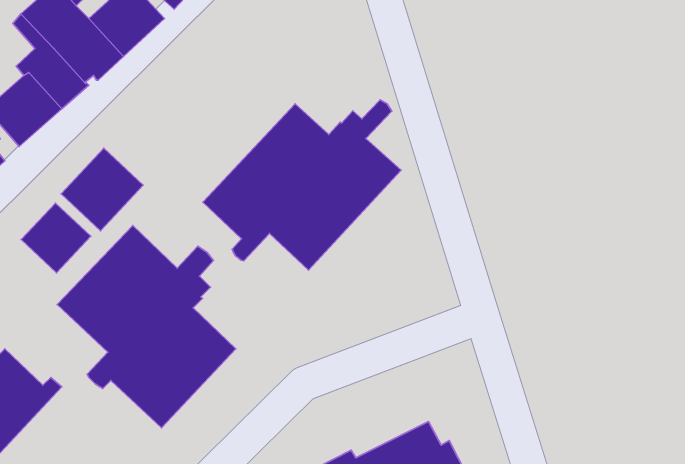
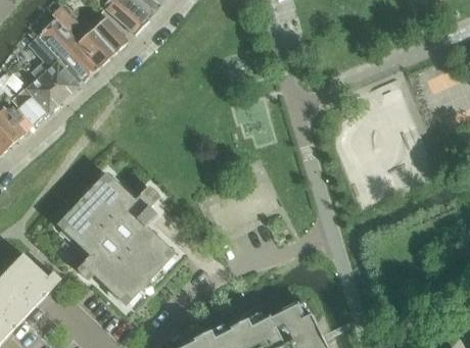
building: [203,100,401,270] -> none
building: [61,148,143,231] -> none
building: [21,203,91,273] -> none

